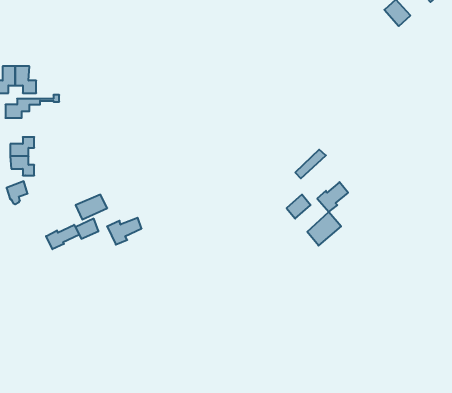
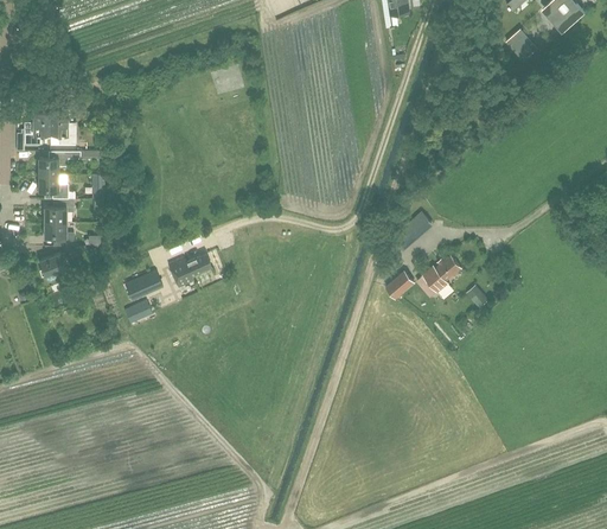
building: none -> [37,174,66,198]
building: [307,212,341,246] -> none
building: [107,218,142,245] -> [167,253,210,286]
building: [46,225,79,249] -> none

